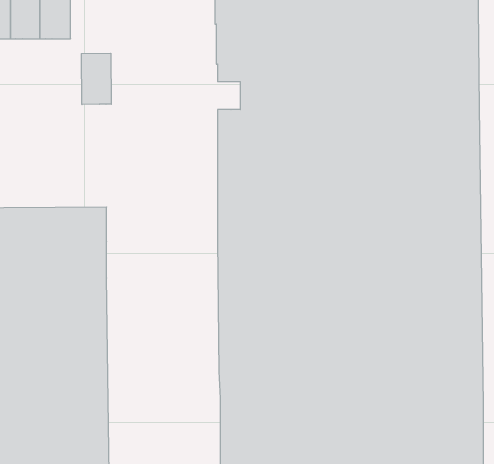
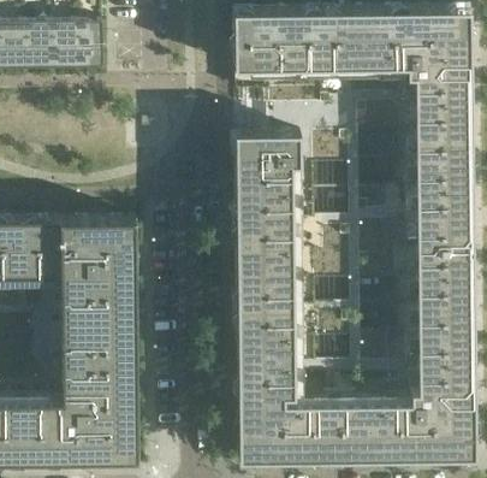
building: [81,53,111,105] -> none

